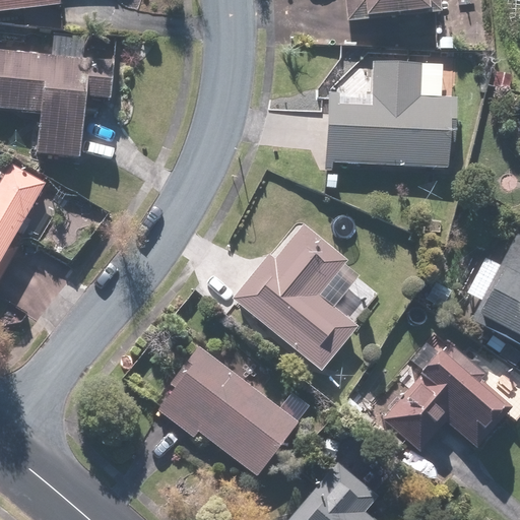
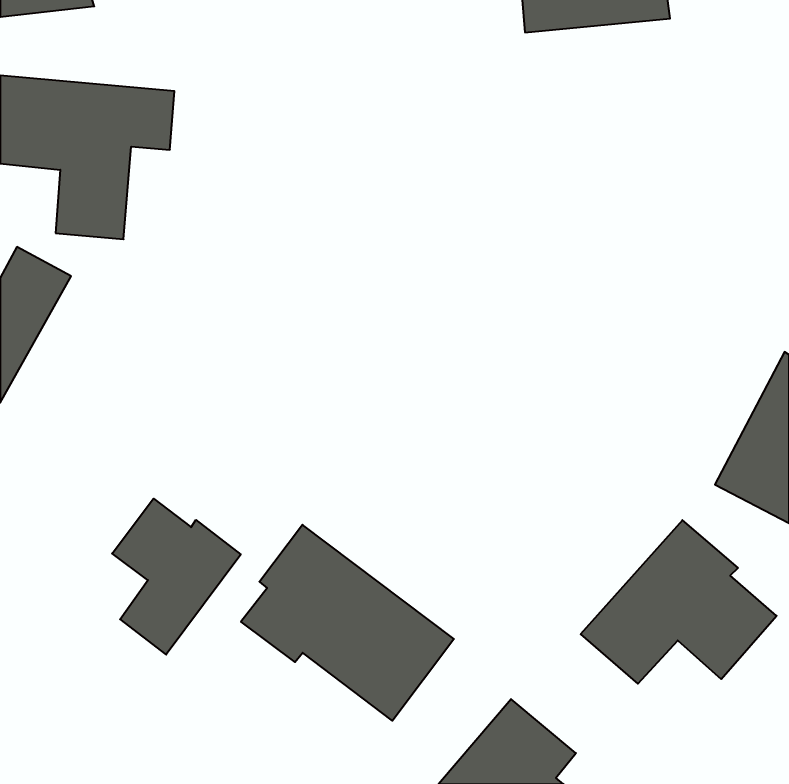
building: [325,61,458,170] -> none
building: [233,223,356,370] -> none
building: none -> [112,499,241,655]

